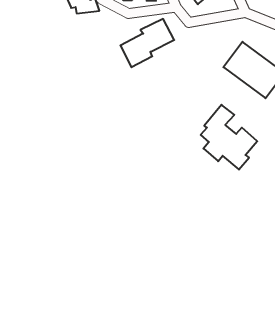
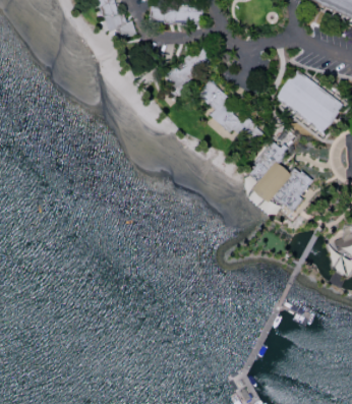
building: none -> [195,81,266,142]

